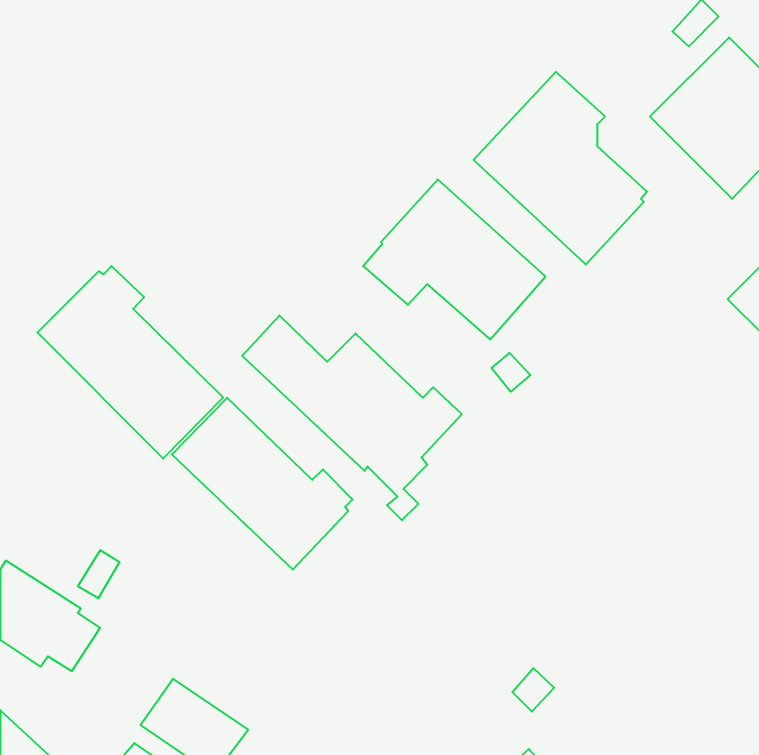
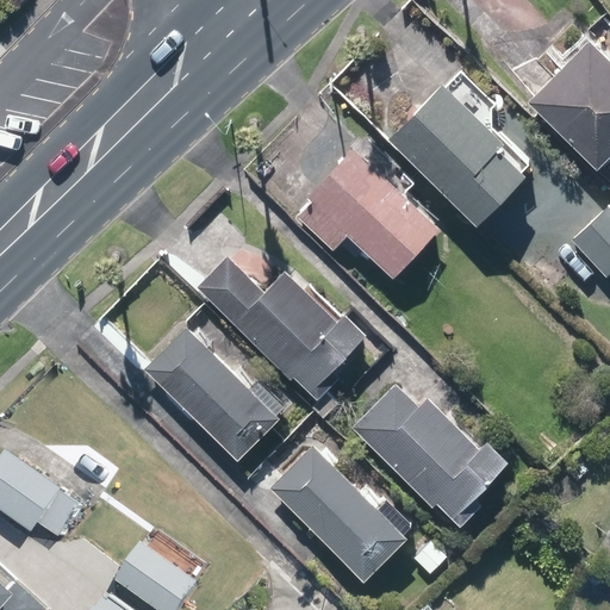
building: [37,266,223,459] -> none
building: none -> [353,386,512,529]
building: none -> [269,443,412,580]

